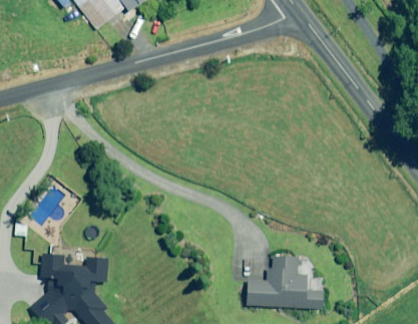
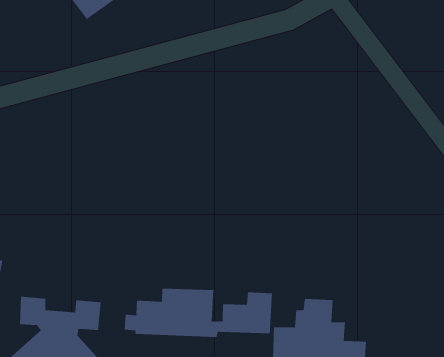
building: none -> [124,288,272,338]

